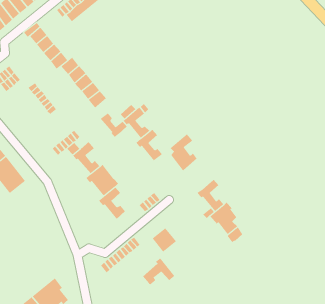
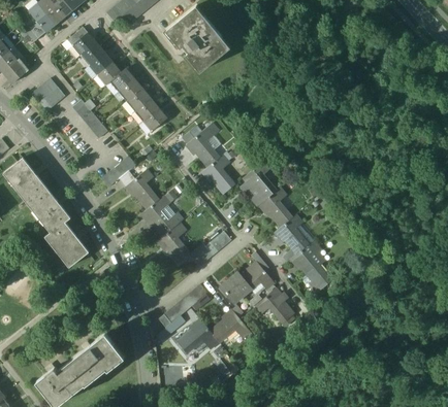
building: none -> [168,9,227,70]
building: [100,113,127,138] -> none
building: none -> [259,189,291,228]
building: none -> [45,222,89,267]
building: none -> [242,262,274,295]
building: none -> [255,289,294,324]
building: none -> [178,319,217,352]

